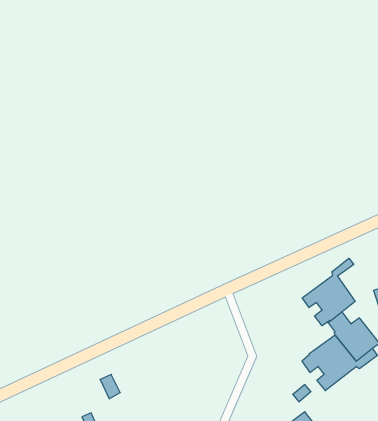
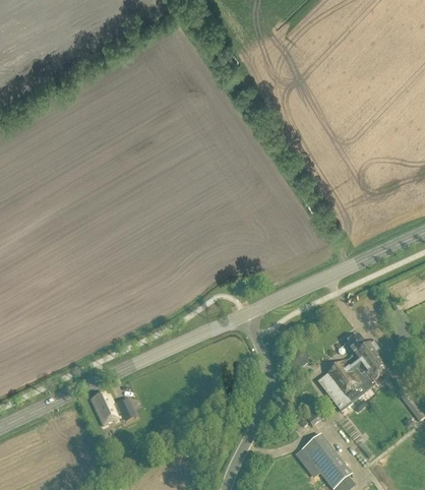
building: [302,258,355,326] -> none
building: none -> [89,391,118,424]

